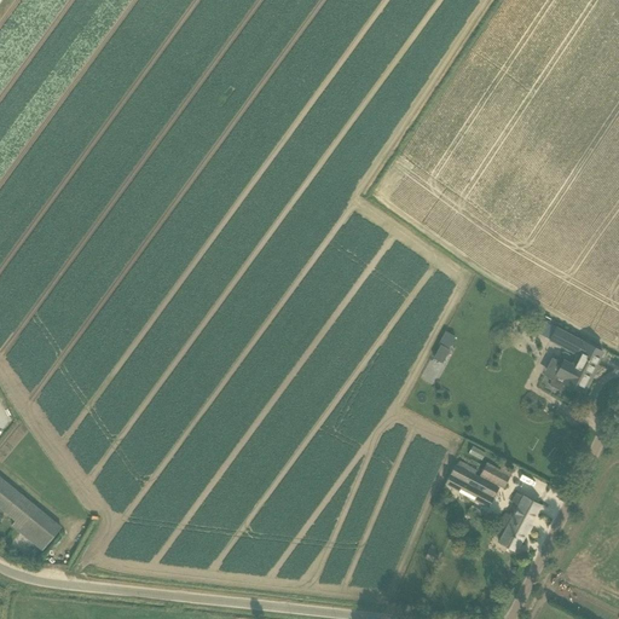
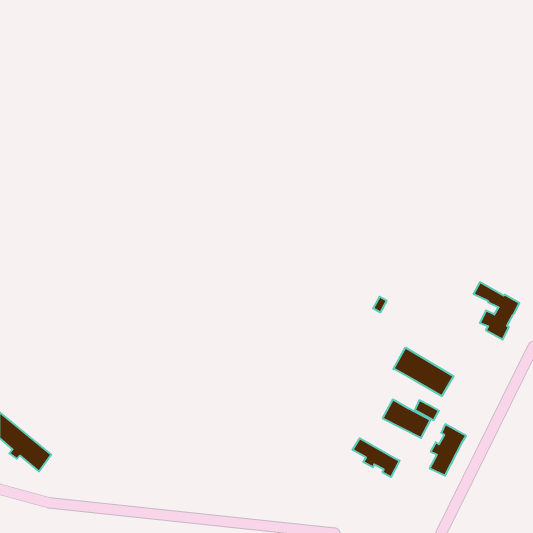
building: none -> [393,348,454,396]
building: none -> [352,438,400,477]

